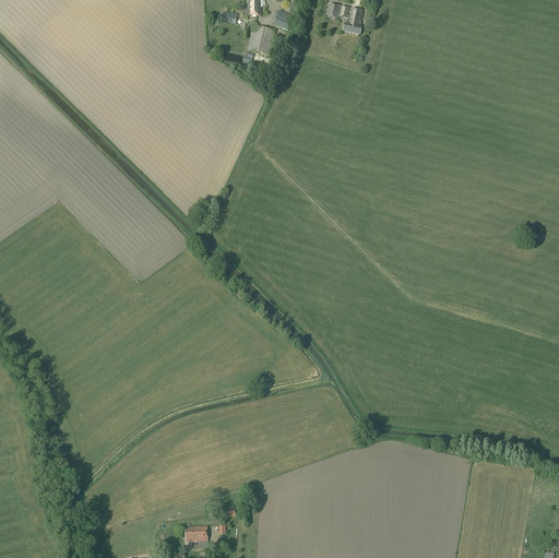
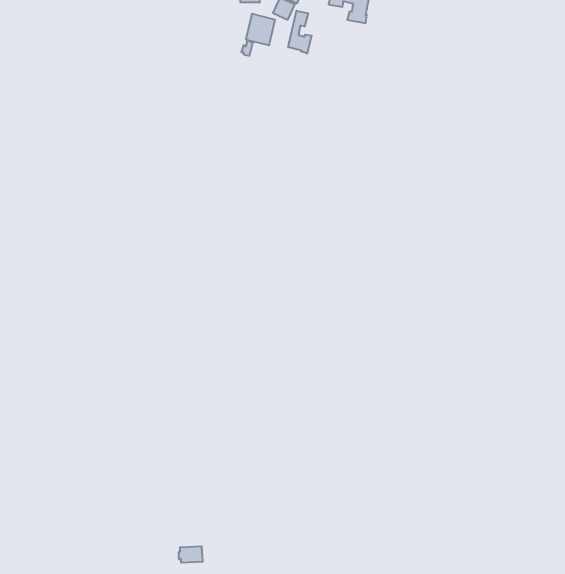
building: none -> [288,11,312,54]

